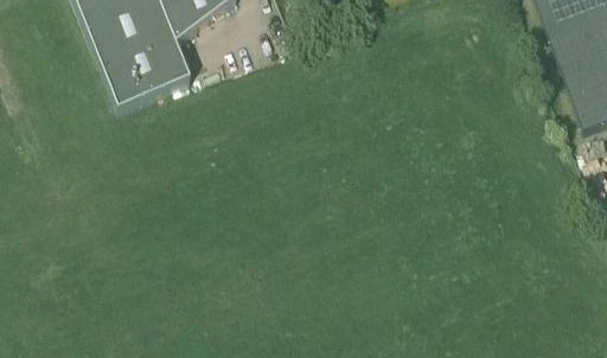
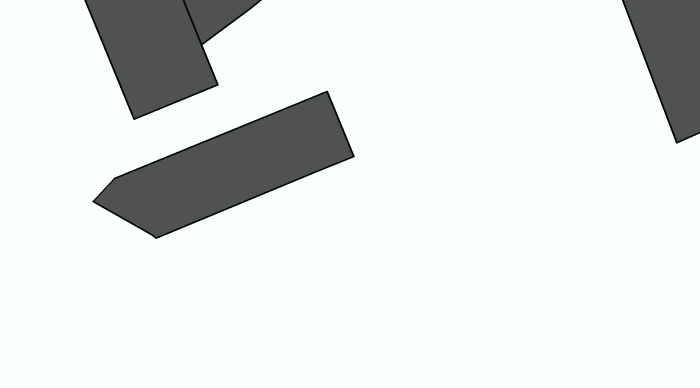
building: none -> [93,92,354,238]

